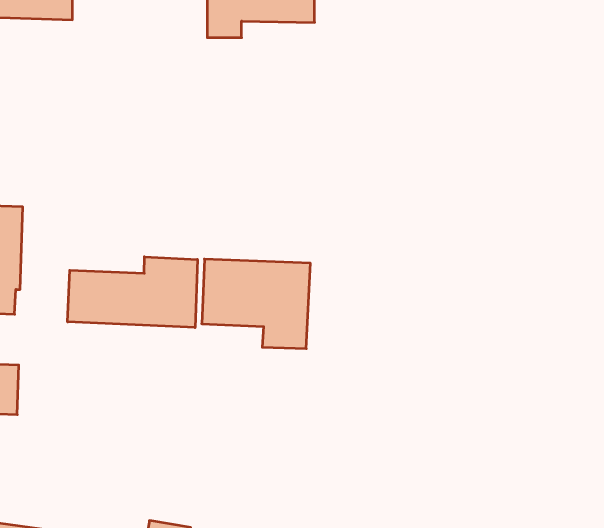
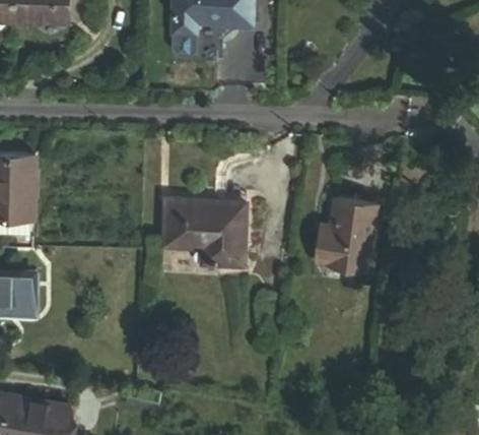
building: [68,257,197,328] -> none
building: none -> [320,200,381,269]

